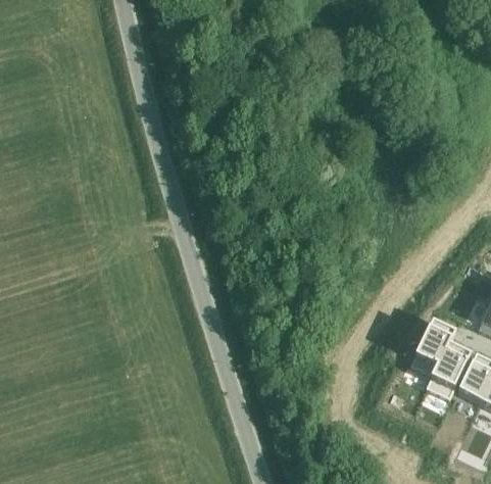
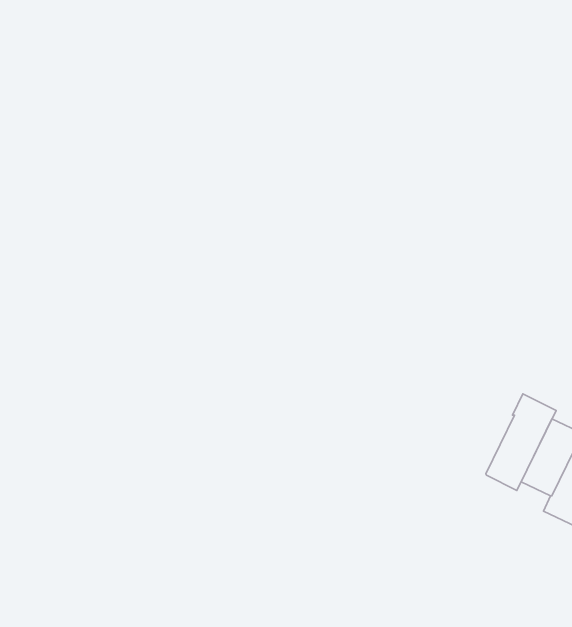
building: none -> [486,394,556,490]

